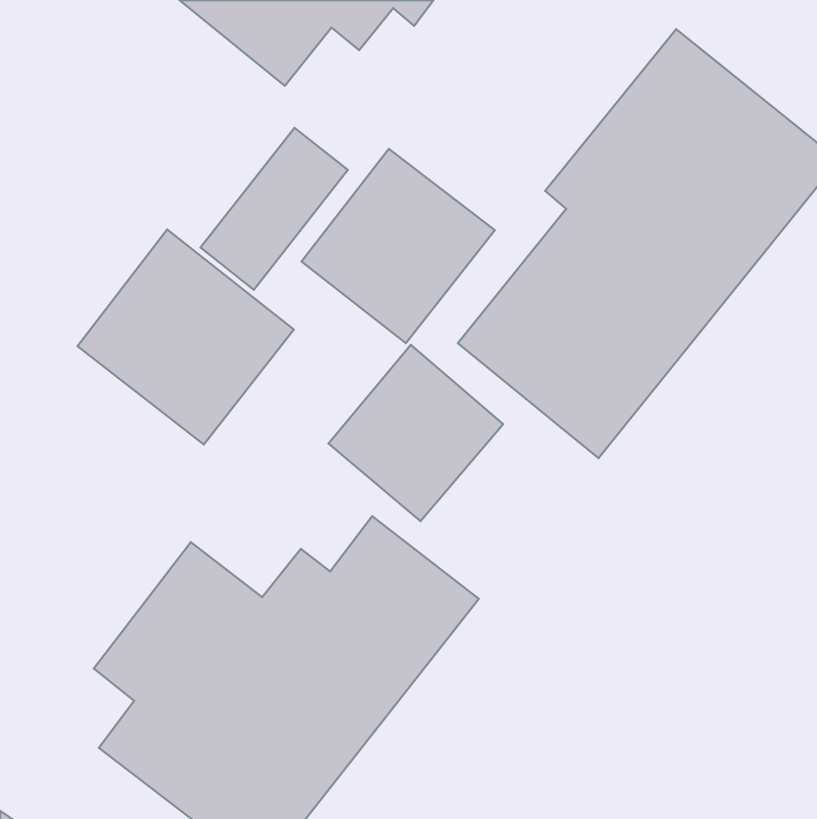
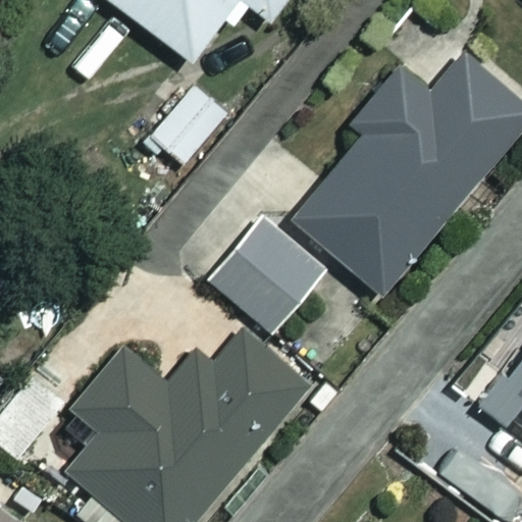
building: [302,149,495,343] -> none
building: [78,229,294,444] -> none

